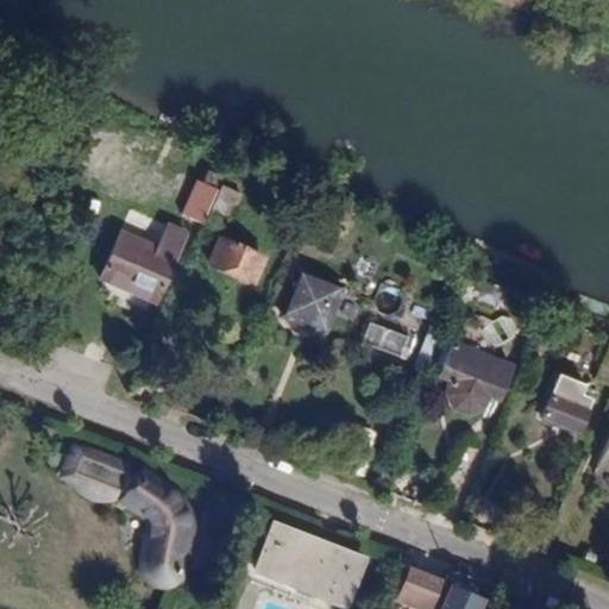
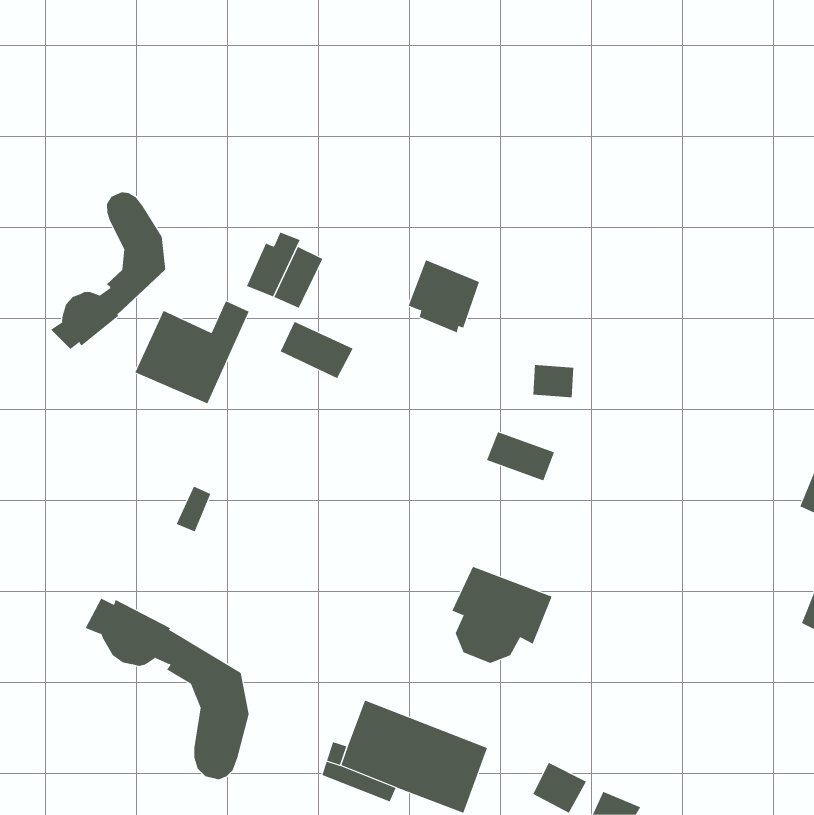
building: none -> [50,191,166,350]
building: [283,275,337,329] -> [408,260,480,333]
building: [441,341,516,414] -> [452,566,552,664]
building: [545,373,594,431] -> none

